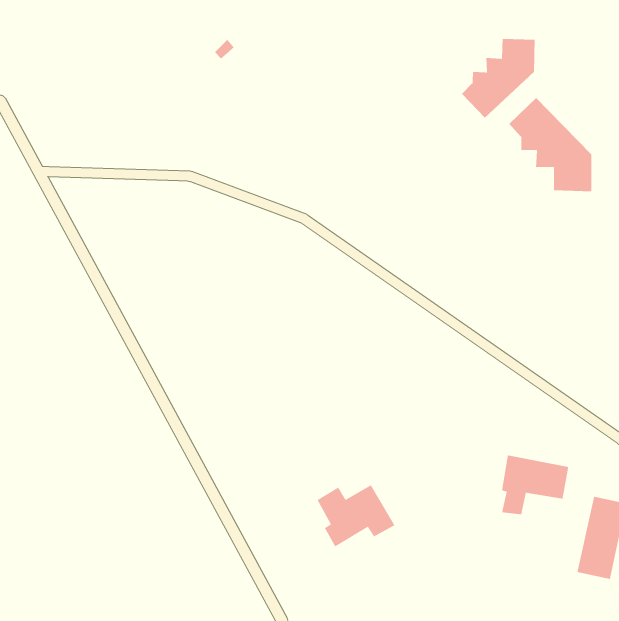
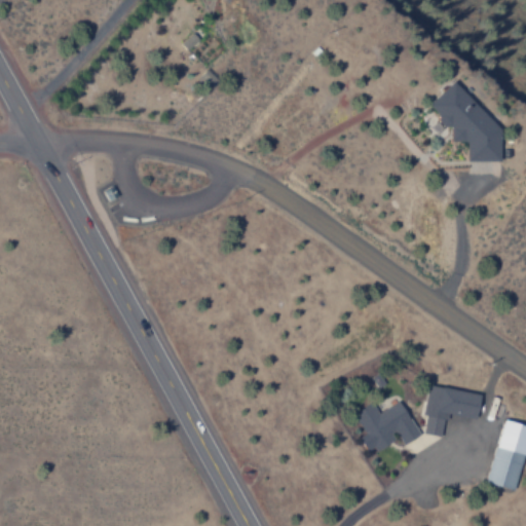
building: [461,38,536,118] -> none
building: [317,484,396,547] -> [355,401,422,454]

